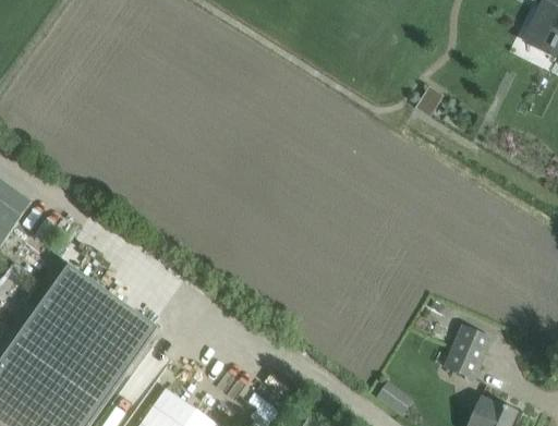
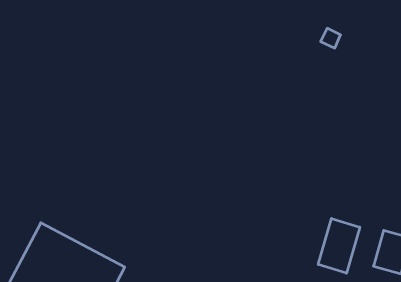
building: none -> [318,218,360,273]

